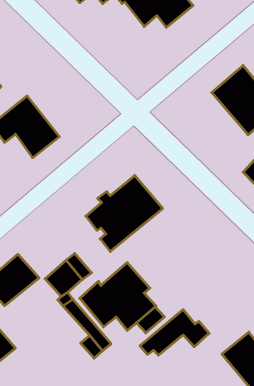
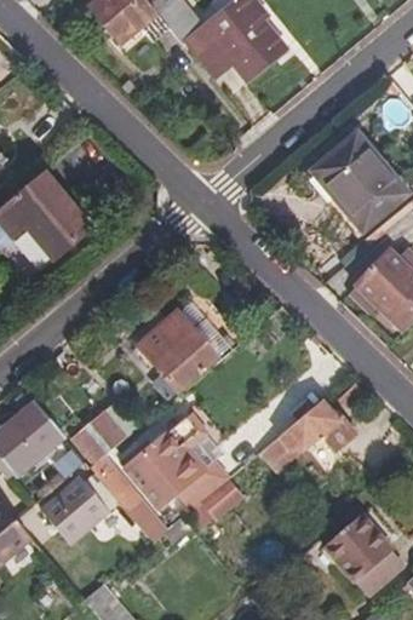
building: none -> [39,476,104,540]
building: [140,310,209,355] -> [260,400,360,465]

